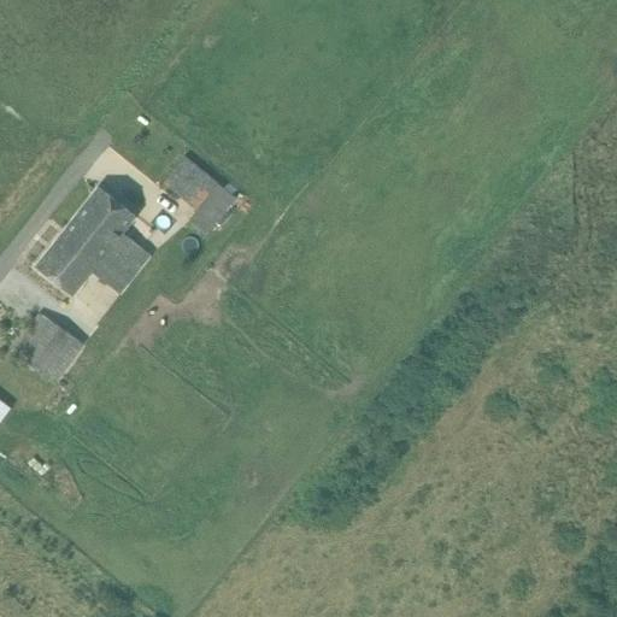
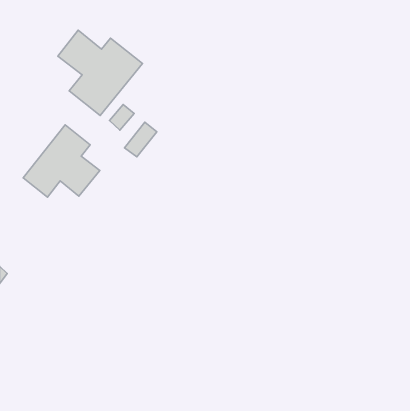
building: none -> [58,30,143,116]
building: [13,311,84,382] -> none

